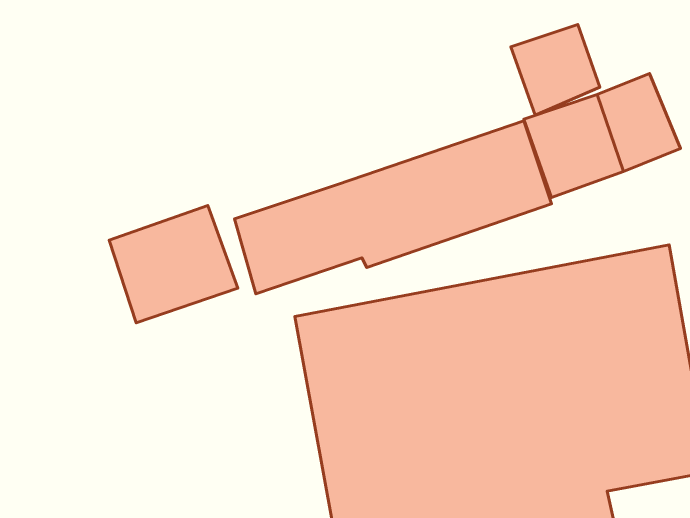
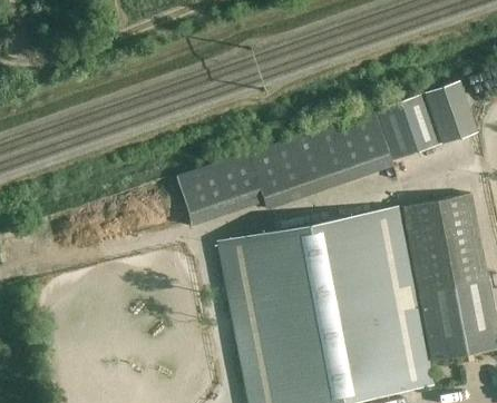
building: [511,24,600,115] -> none
building: [109,205,238,323] -> none

